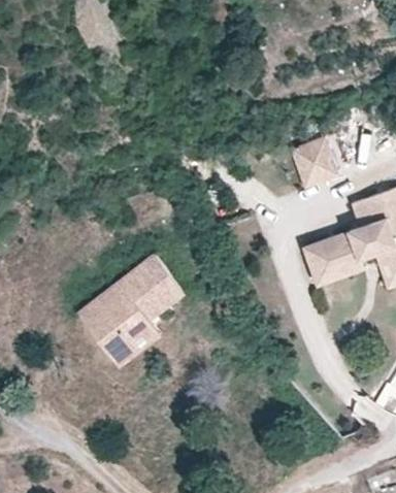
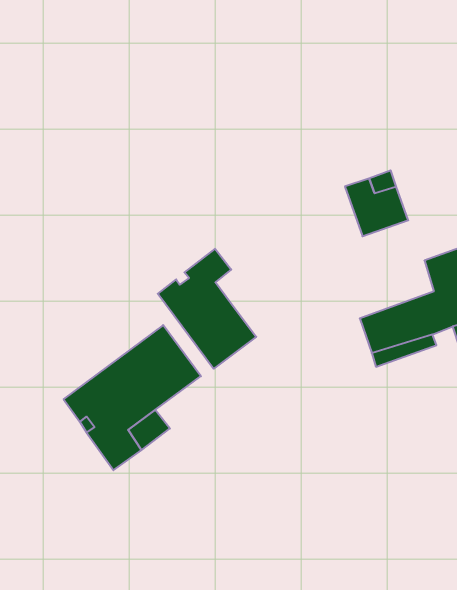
building: none -> [158,249,256,369]

